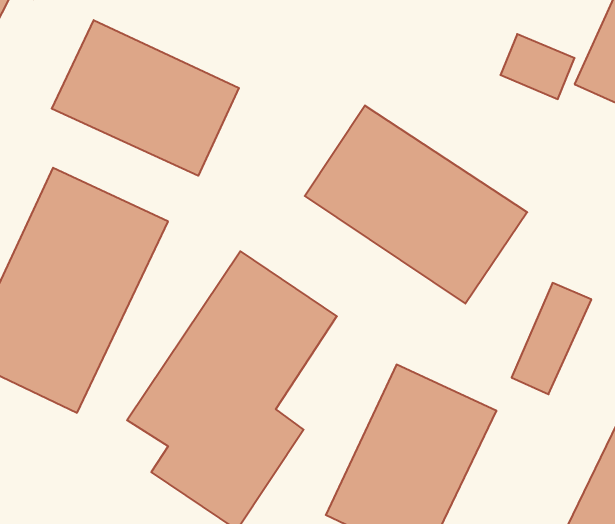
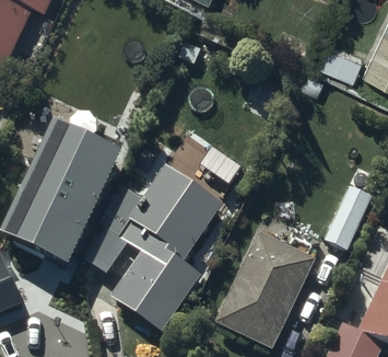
building: [52,20,239,176] -> none
building: [305,105,527,304] -> none

